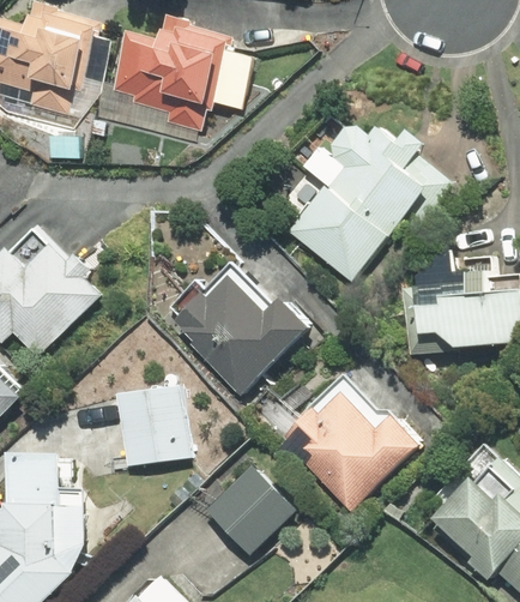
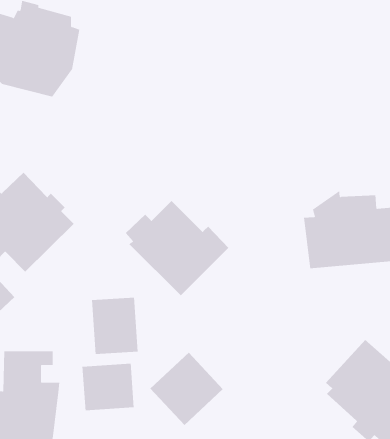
building: [114,16,252,131] -> none
building: [284,126,451,281] -> none
building: [247,377,422,516] -> none
building: none -> [82,363,134,411]

